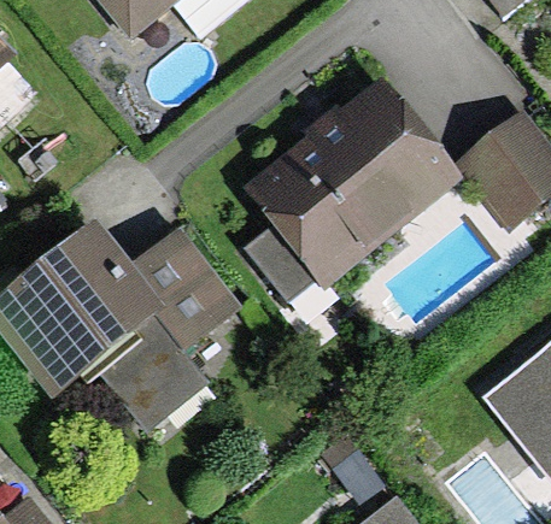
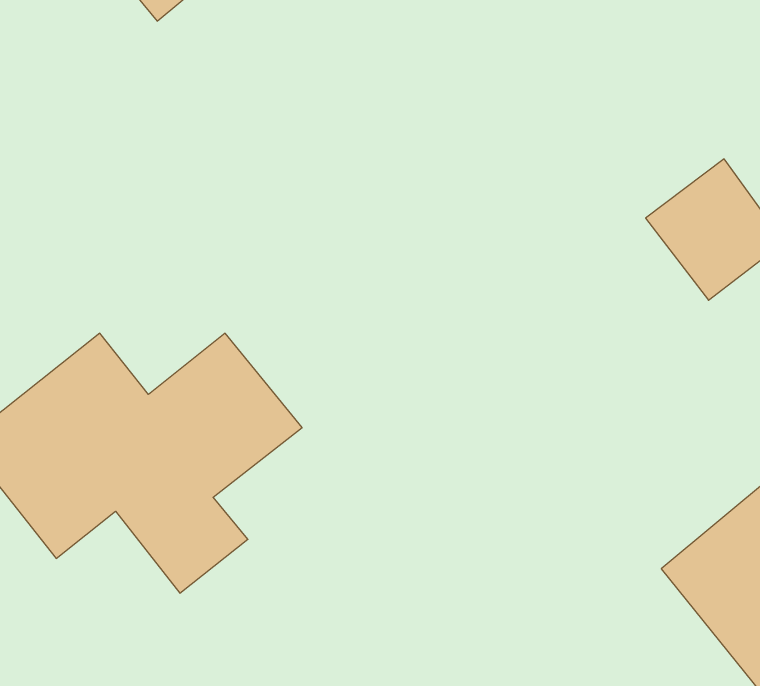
building: [250,98,445,281] -> none

